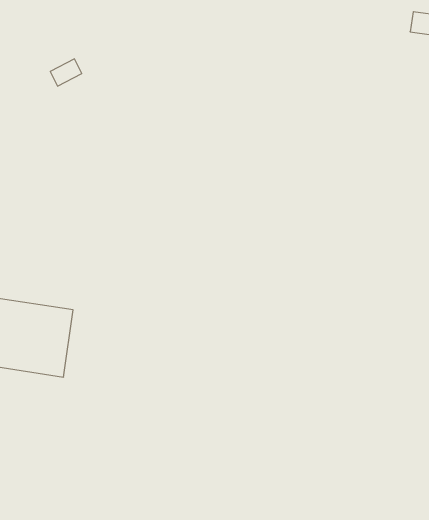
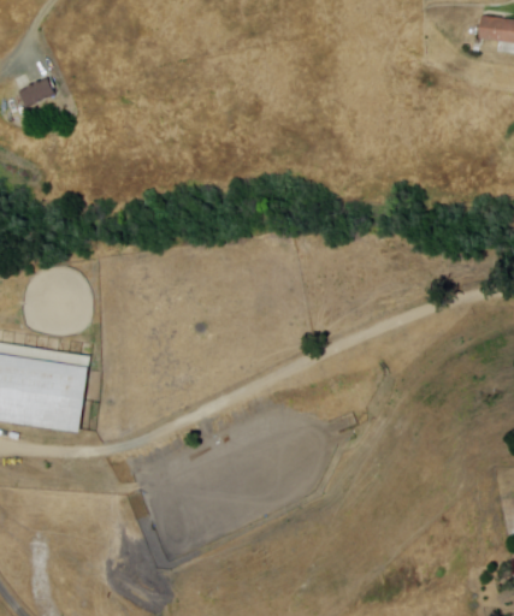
building: [50,59,82,86] -> [17,77,53,108]

